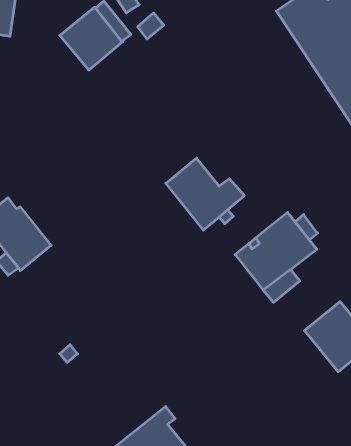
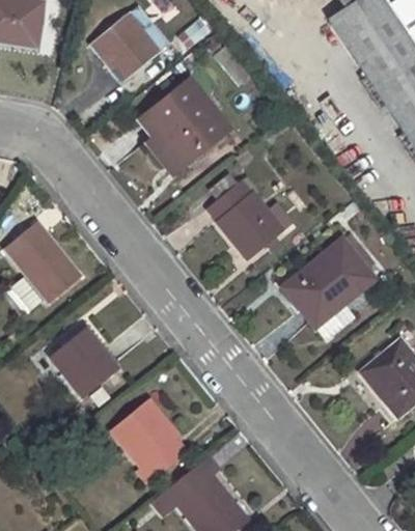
building: none -> [144,80,227,174]
building: none -> [50,329,114,394]
building: none -> [111,398,185,482]

